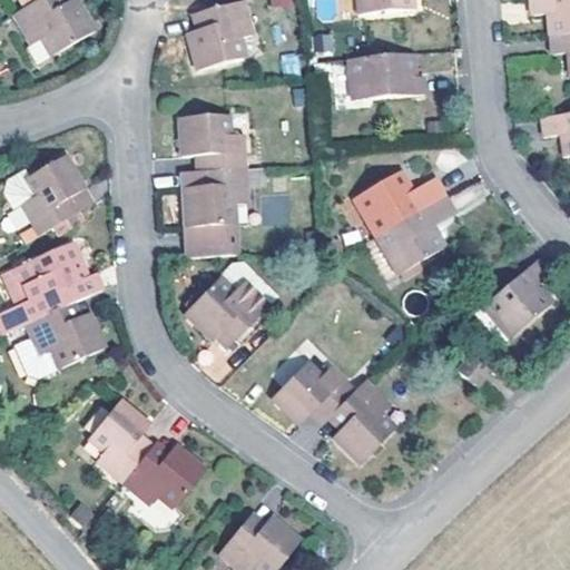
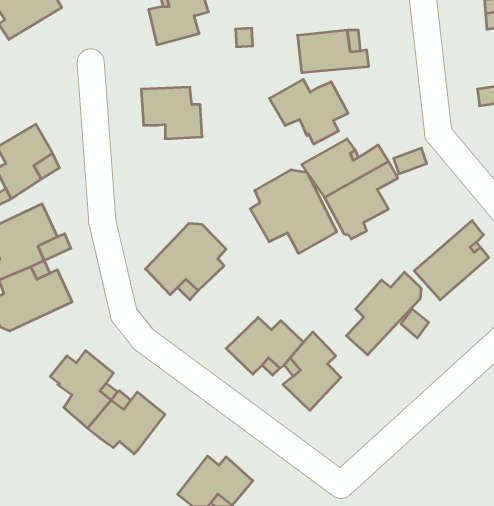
building: none -> [269,79,348,144]
building: [181,168,247,256] -> none
building: none -> [250,170,337,253]
building: none -> [346,272,421,355]

